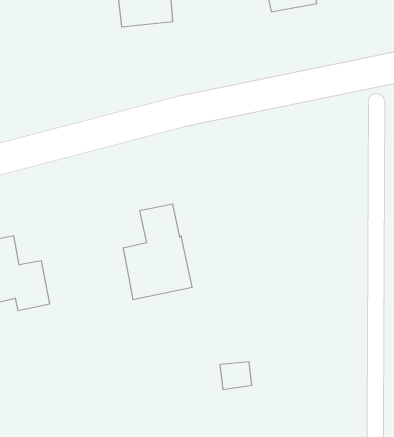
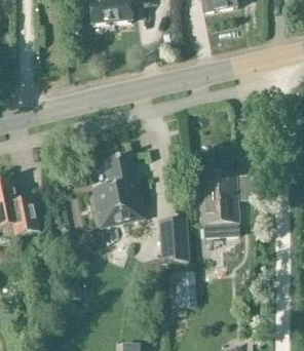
building: none -> [199,171,239,234]
building: none -> [159,219,188,260]

